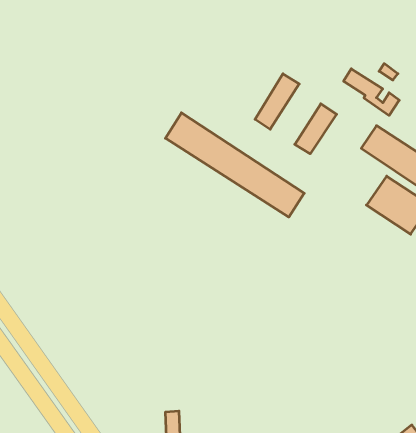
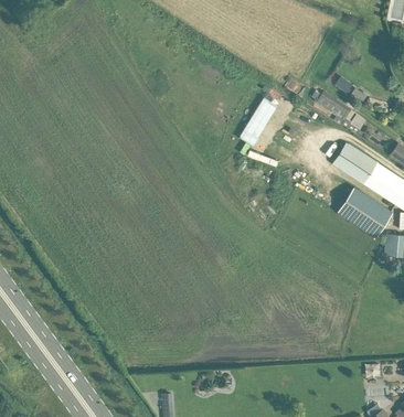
building: [295,104,337,154] -> none
building: [165,113,304,217] -> none

